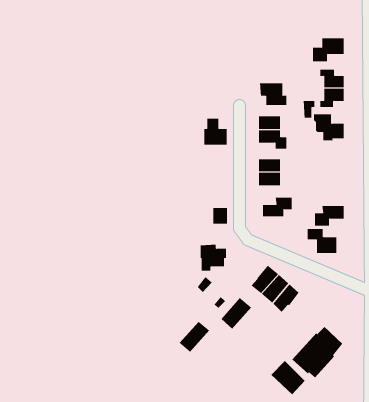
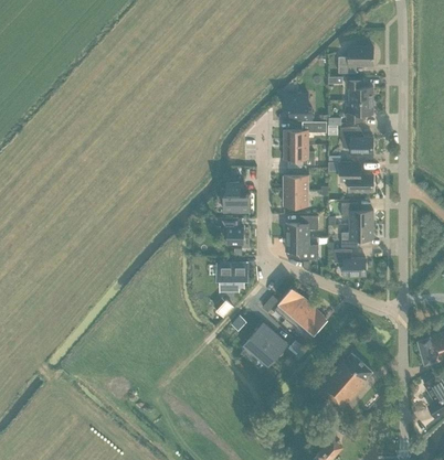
building: [203,118,227,145] -> [224,183,250,212]
building: none -> [340,165,373,192]
building: none -> [341,203,373,225]
building: none -> [286,237,318,259]
building: [179,321,210,352] -> [254,333,287,366]
building: [270,360,306,395] -> none

